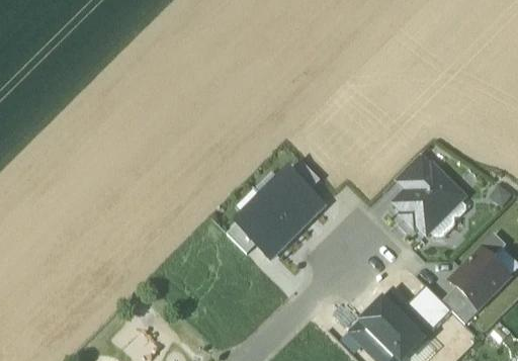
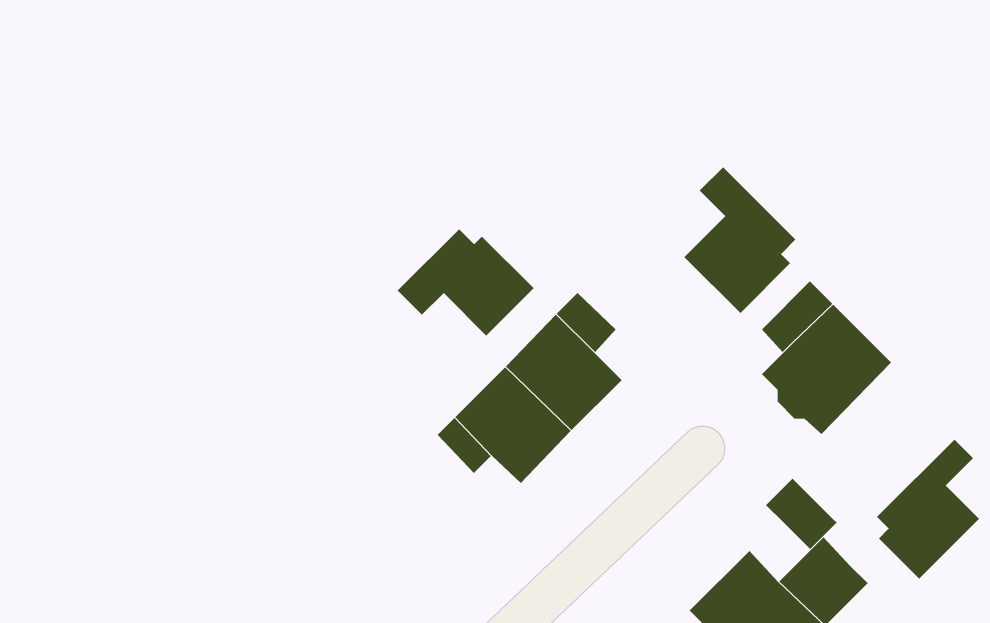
building: none -> [684,166,796,314]
building: none -> [397,228,534,336]
building: [441,287,479,325] -> [765,478,837,550]

